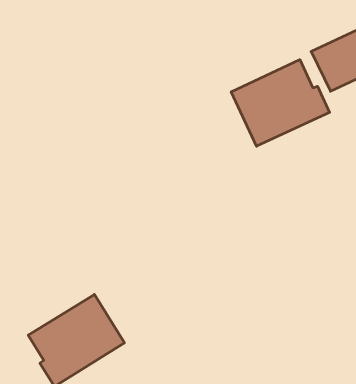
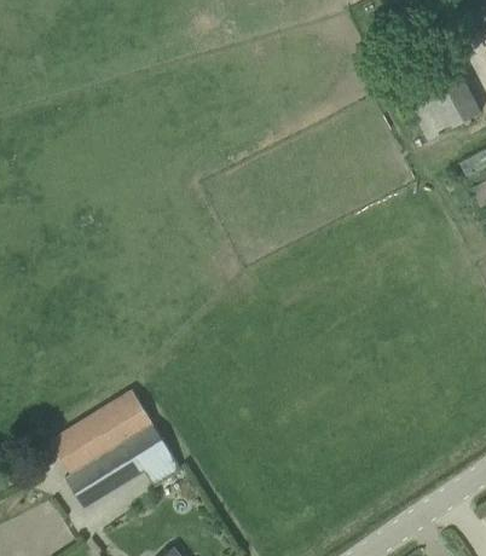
building: [231,60,330,146] -> none

